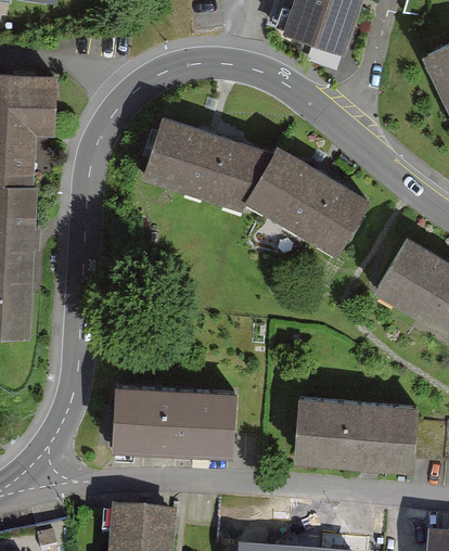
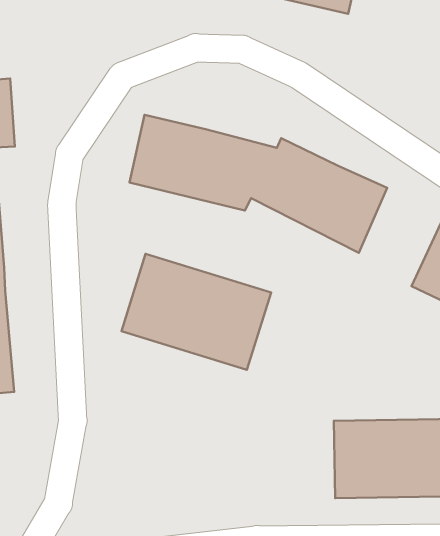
building: none -> [122,254,271,370]
building: [111,385,236,457] -> none

